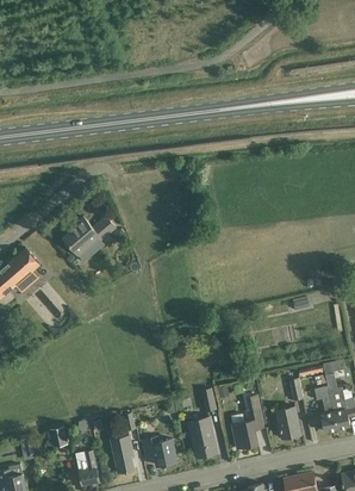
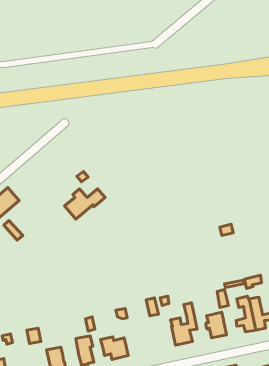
building: [63,217,114,255] -> [64,189,105,219]
building: [188,417,216,458] -> none

